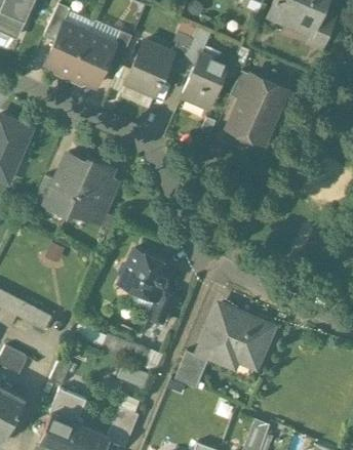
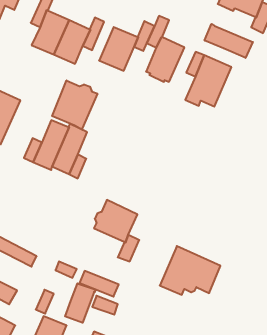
building: none -> [205,24,253,58]
building: none -> [52,80,97,130]
building: none -> [65,283,96,323]
building: [175,352,208,388] -> none

